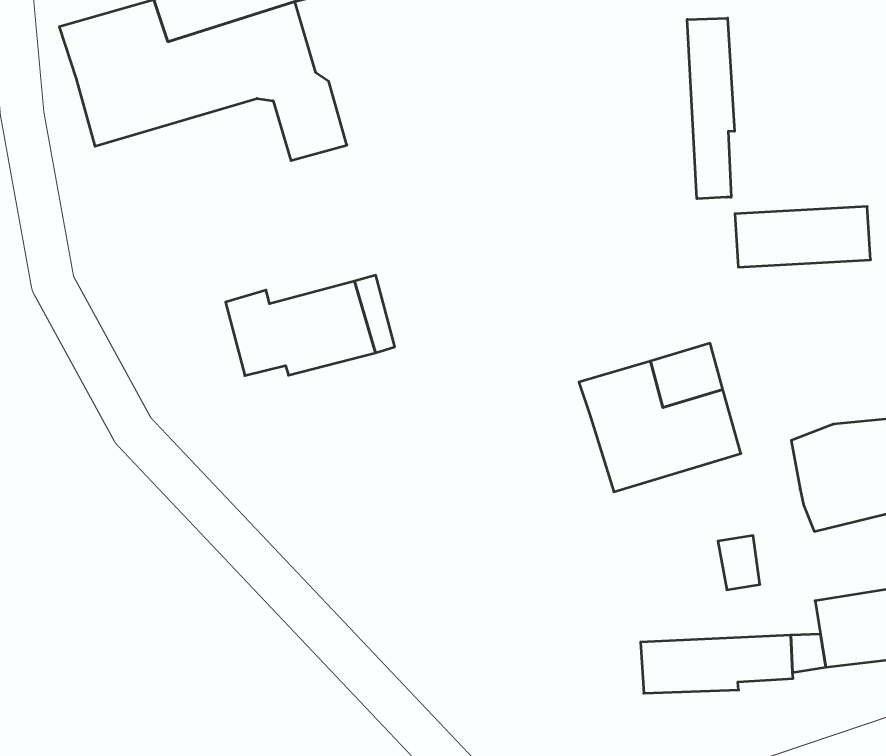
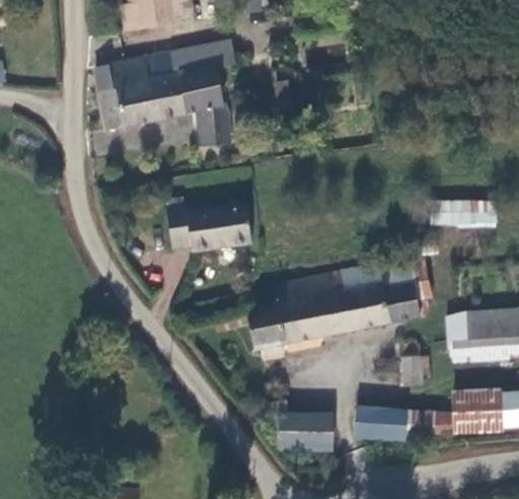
building: [687,18,734,199] -> none
building: none -> [249,275,353,348]
building: none -> [283,414,333,451]

